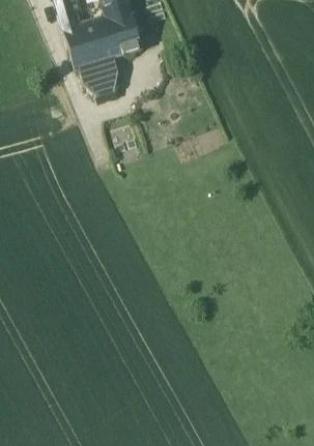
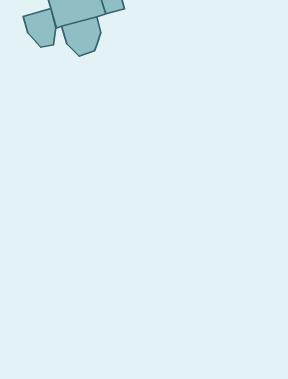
building: none -> [23,9,56,47]

